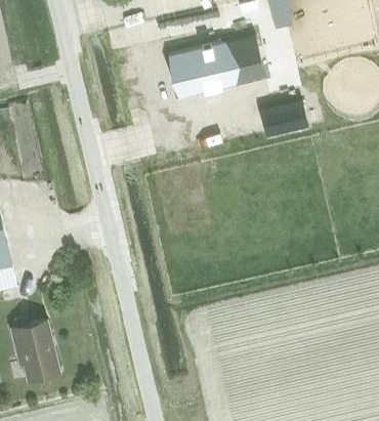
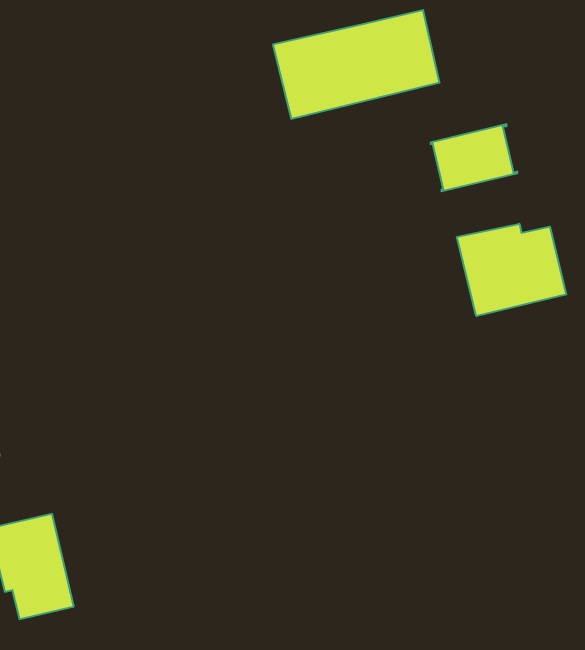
building: none -> [457,224,566,316]

